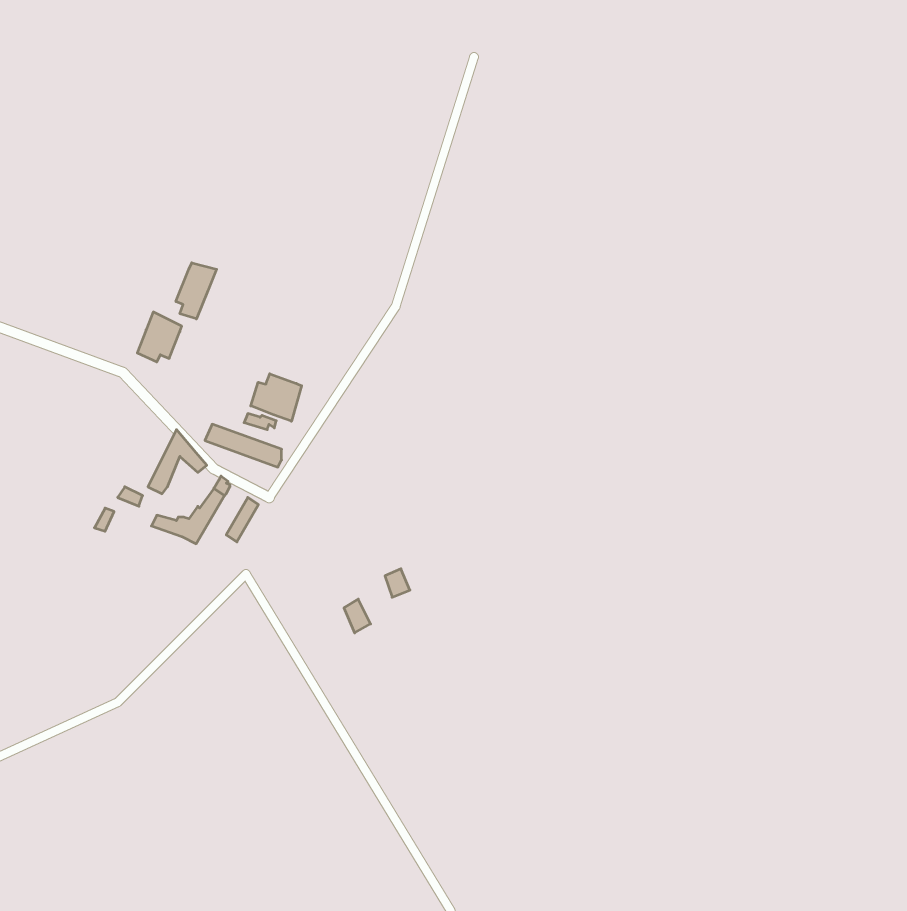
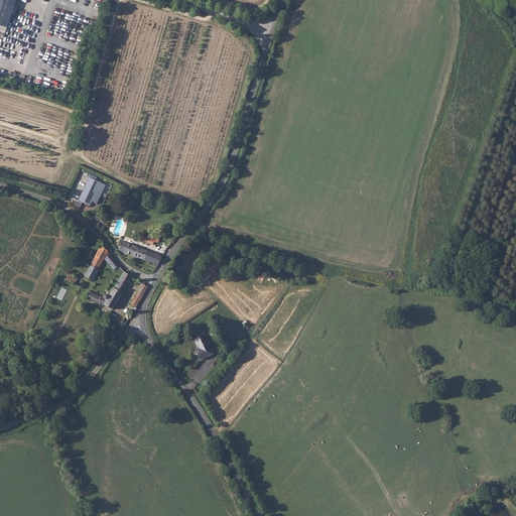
building: [176,263,217,319] -> none
building: [251,374,302,421] -> none

